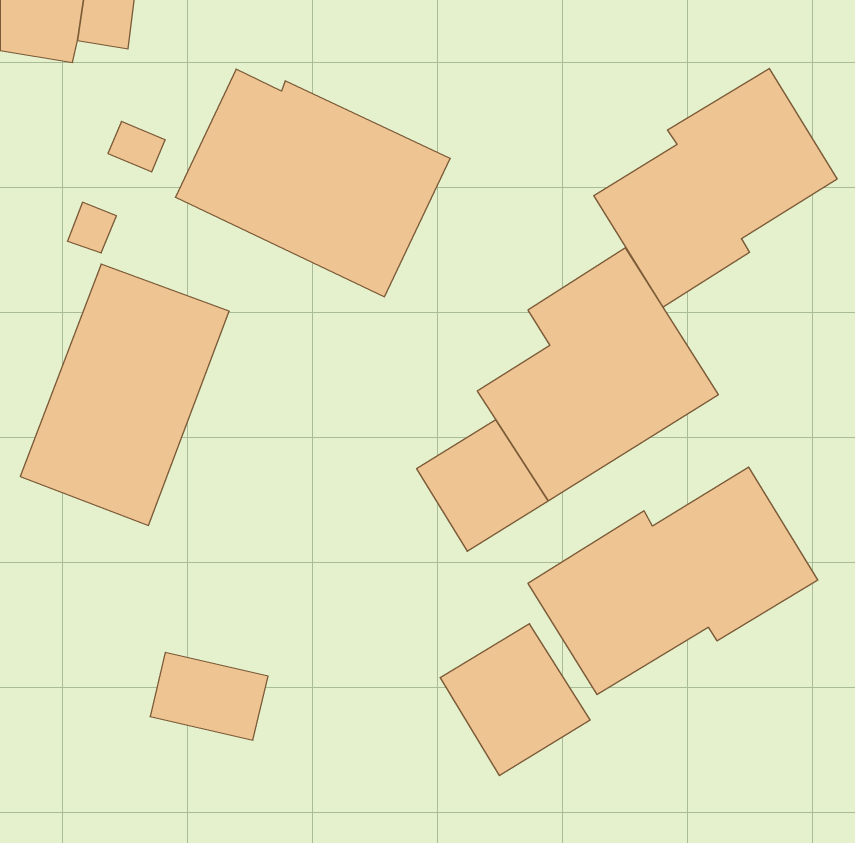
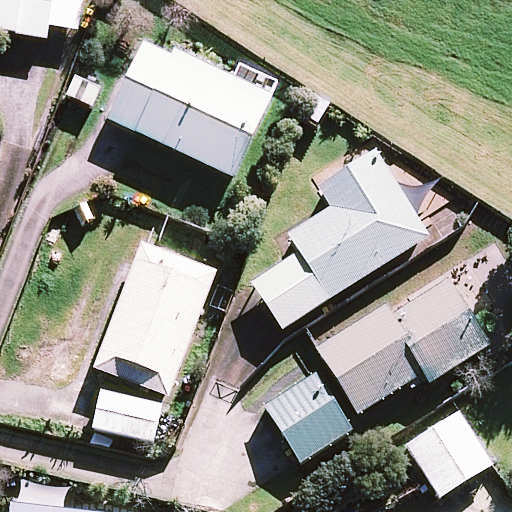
building: [594,68,837,307] -> none
building: [20,264,229,525] -> [93,240,217,395]
building: none -> [407,408,493,494]

